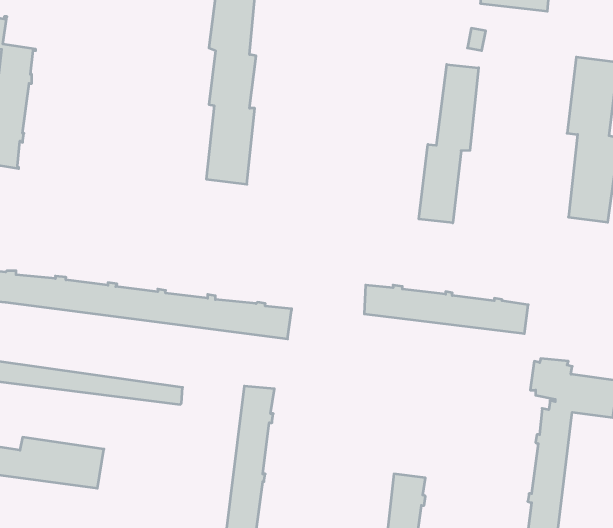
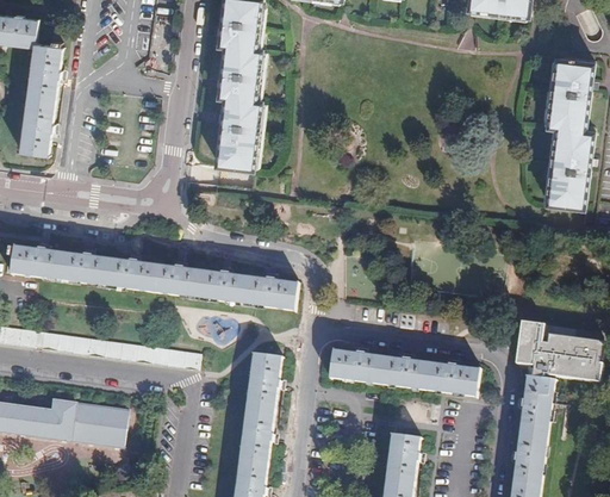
building: [419,64,479,223] -> none
building: [364,285,528,334] -> [330,349,479,393]

